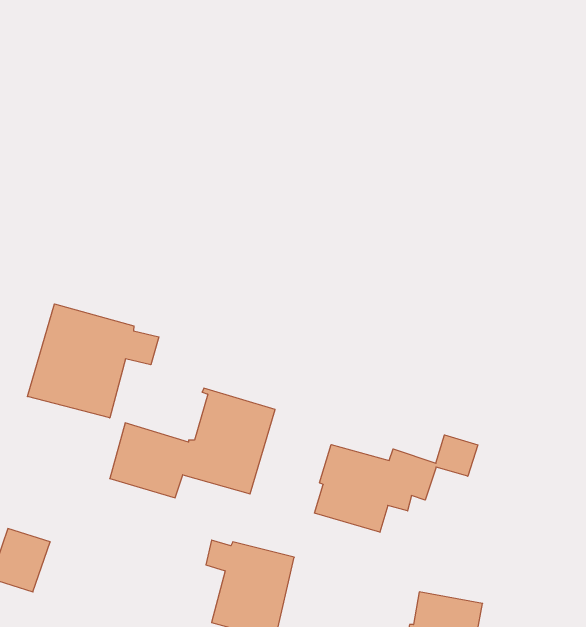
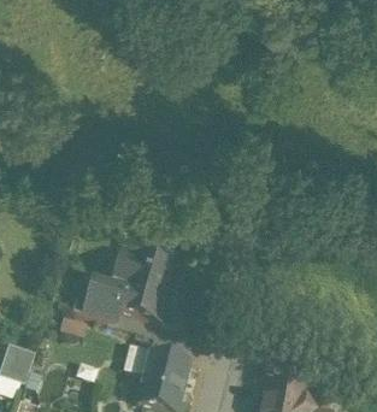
building: [27,304,159,418] -> none
building: [315,435,478,532] -> none

